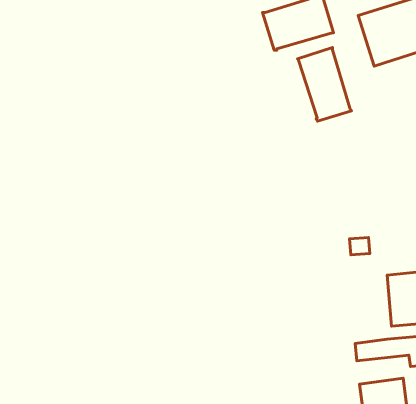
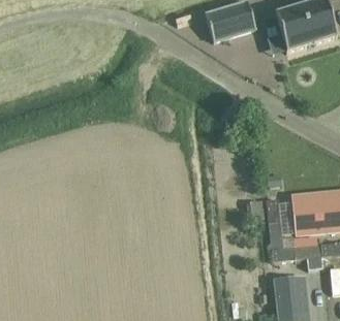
building: [298,48,352,121] -> none
building: none -> [266,198,293,249]

